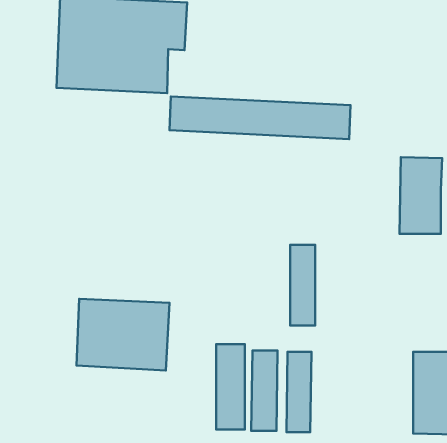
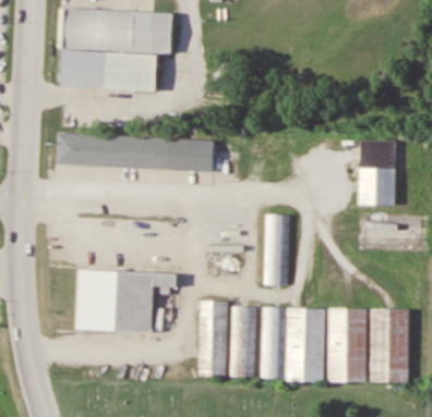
building: [170,96,351,139] -> [58,132,215,169]
building: none -> [286,312,324,387]
building: none -> [328,314,367,385]

